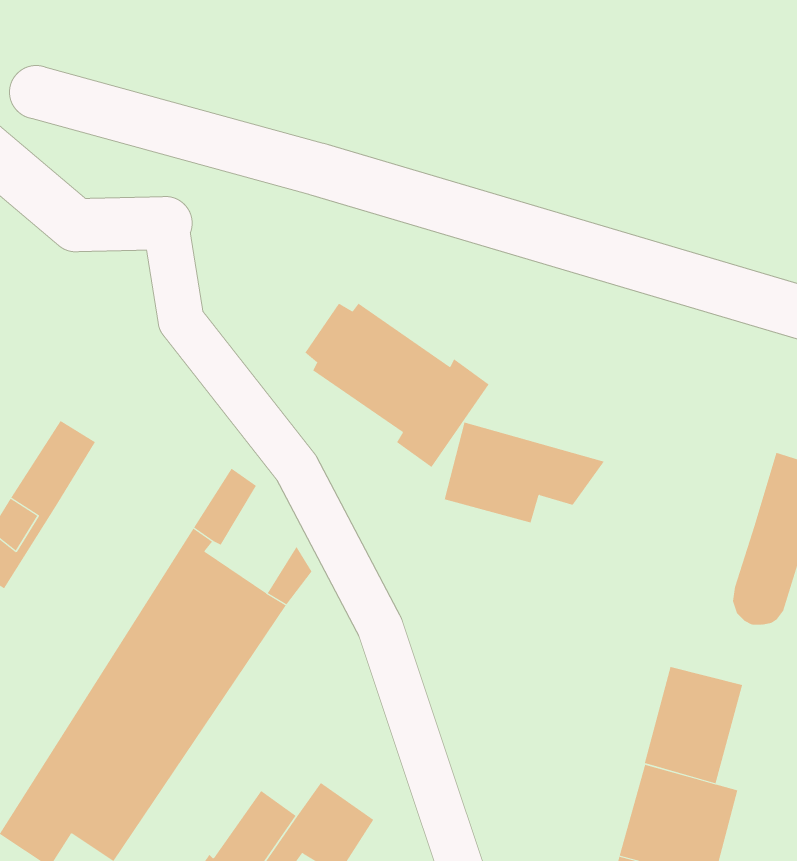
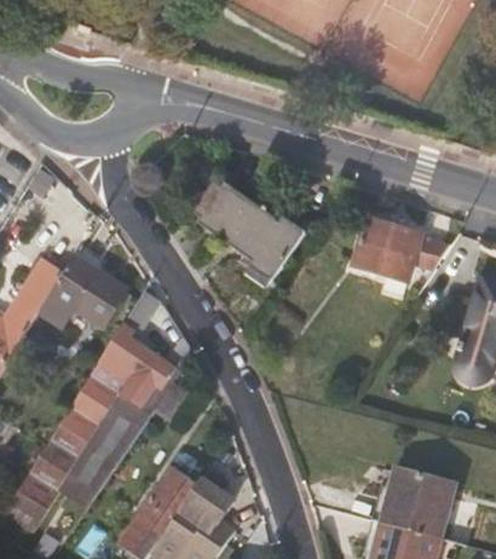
building: none -> [41,240,128,321]
building: [444,422,605,523] -> [353,220,451,282]
building: [644,666,743,784] -> none

